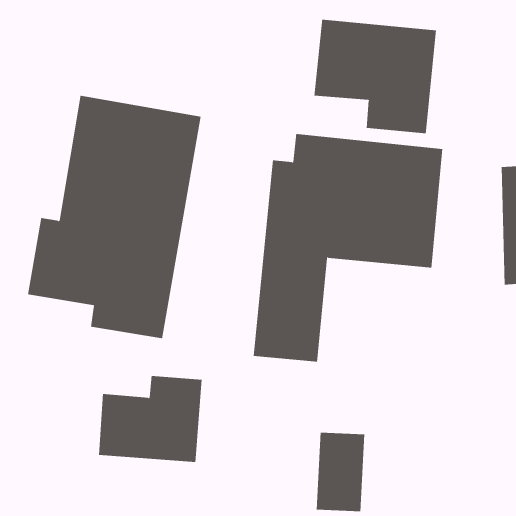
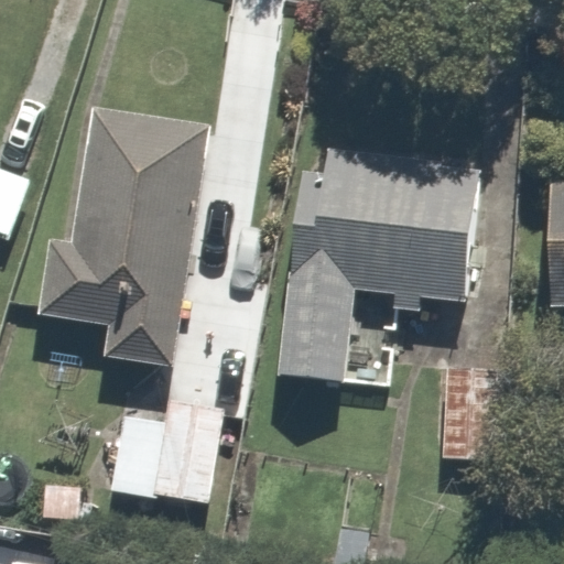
building: [314,19,436,134] -> none

